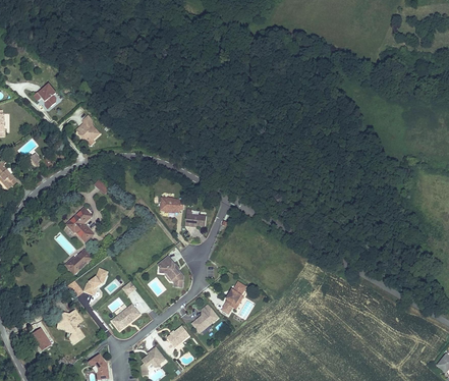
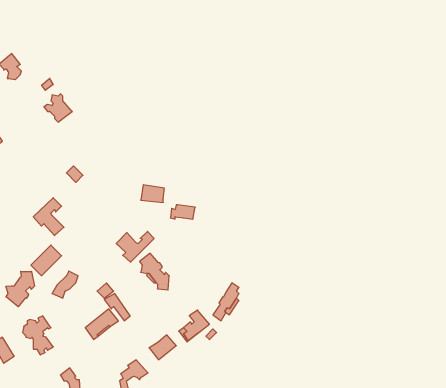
building: none -> [116,231,154,262]
building: none -> [6,271,35,307]

